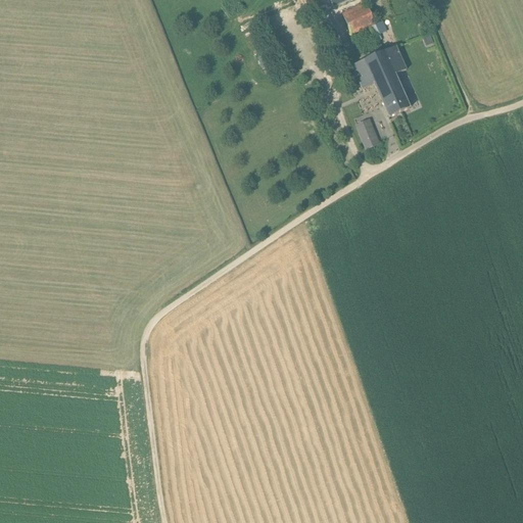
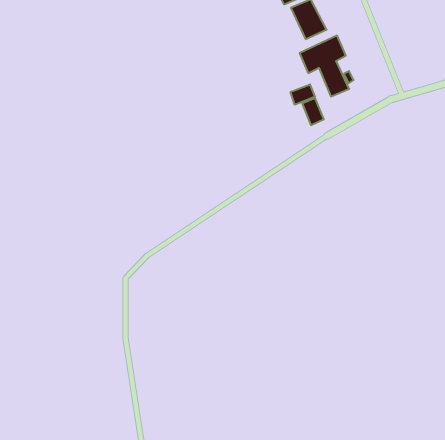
building: none -> [291,84,315,105]

